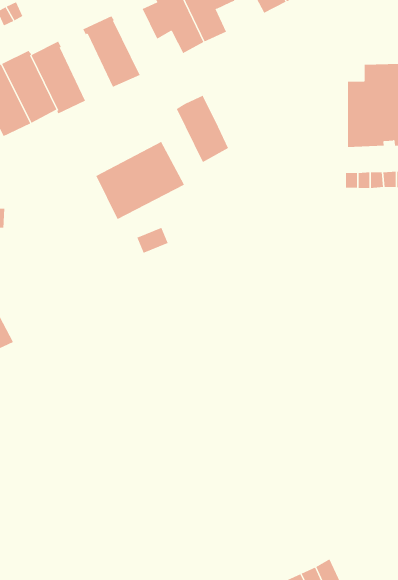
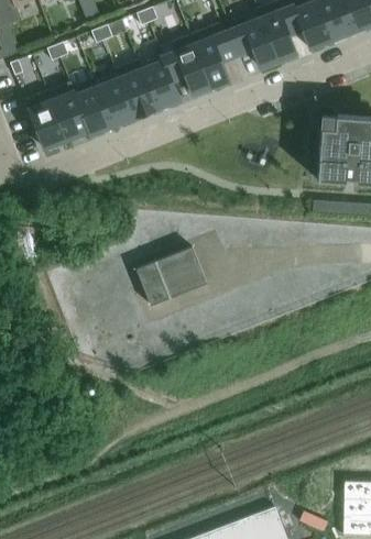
building: none -> [96,74,134,127]
building: [176,95,229,163] -> [140,56,179,110]
building: [95,141,185,220] -> [137,248,207,307]

